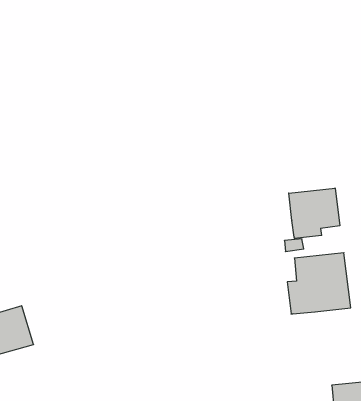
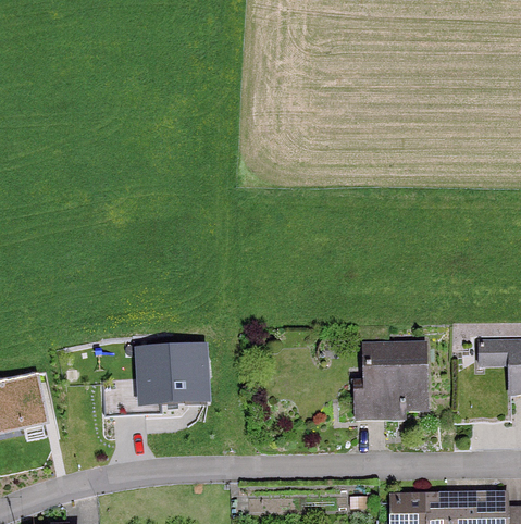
building: [289,188,340,239] -> none
building: none -> [137,342,209,401]

